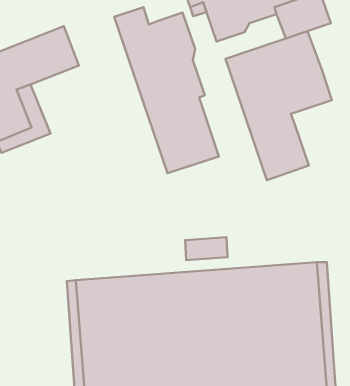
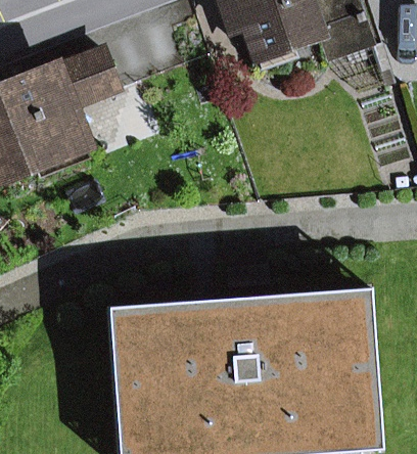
building: [114,7,219,173] -> none
building: [225,31,332,180] -> none

